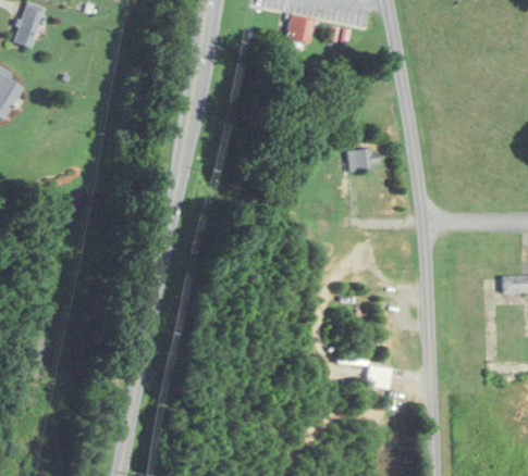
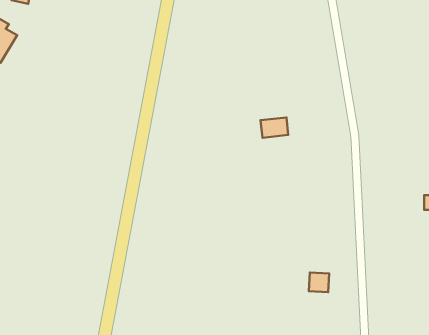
building: [345,148,378,172] -> [261,117,288,138]

